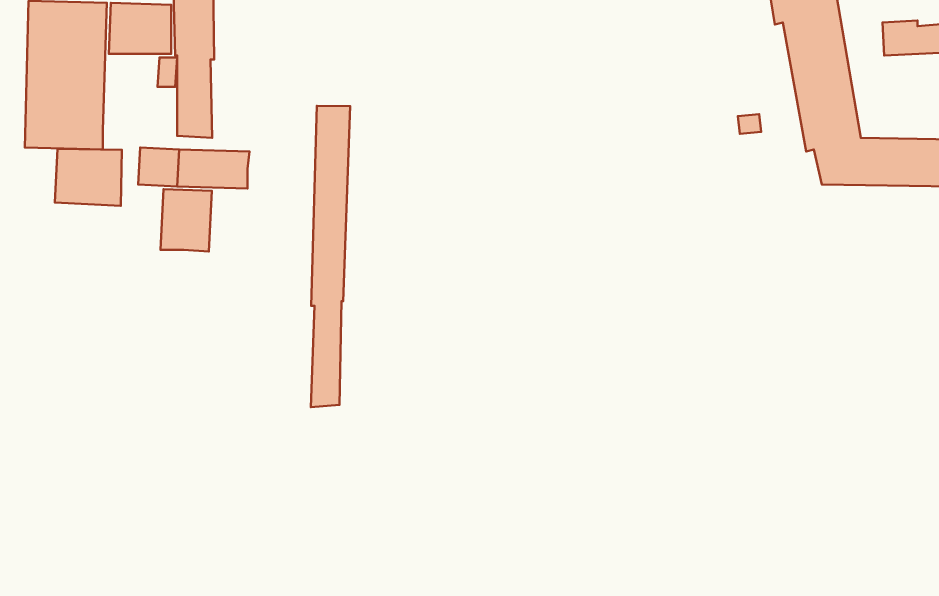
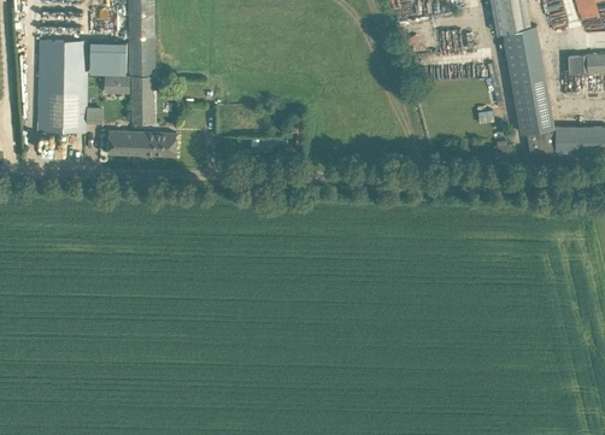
building: [311,106,350,407] -> none
building: [55,149,122,206] -> none
building: [160,189,212,252] -> none

